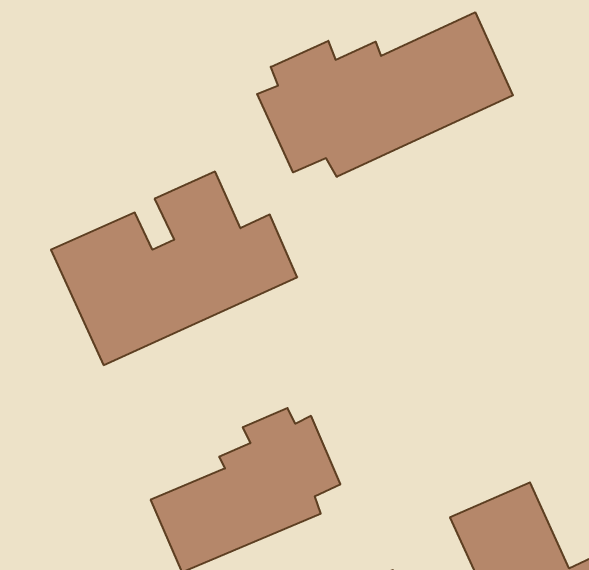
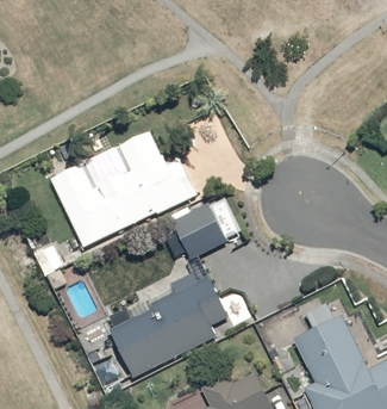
building: [257,12,513,177] -> none
building: none -> [174,205,227,258]

